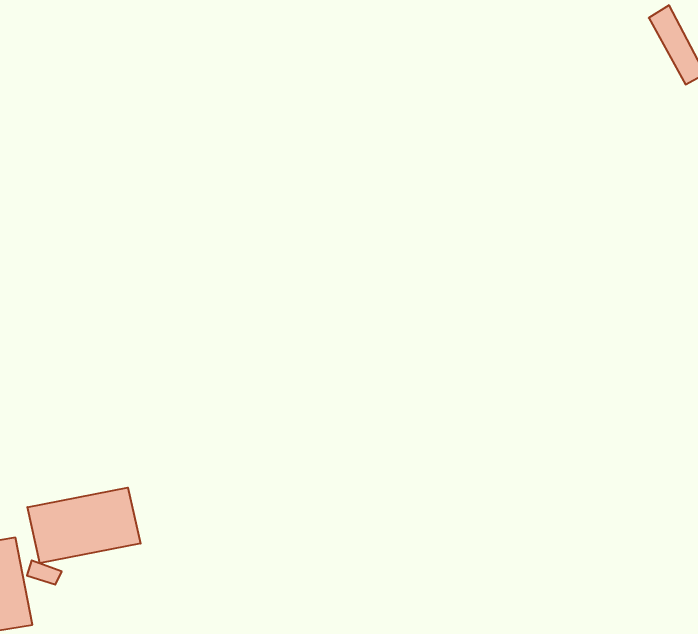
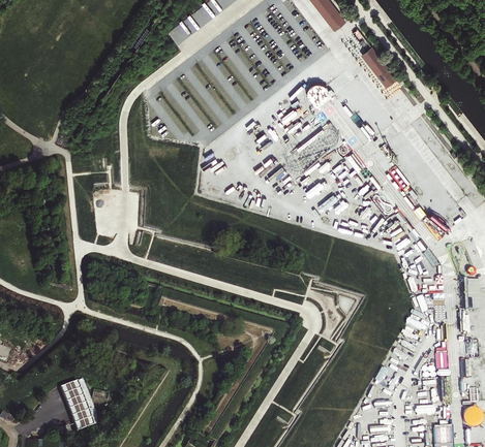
building: [27,488,141,563] -> none

